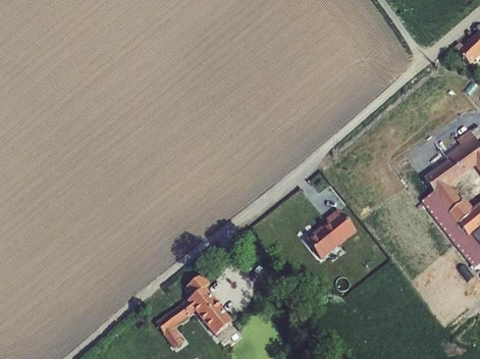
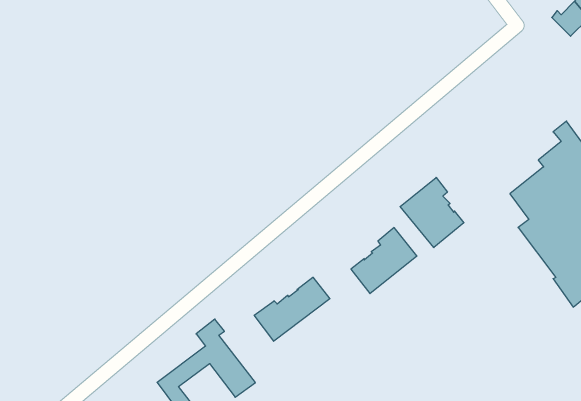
building: none -> [400,177,464,248]
building: none -> [254,277,330,341]

